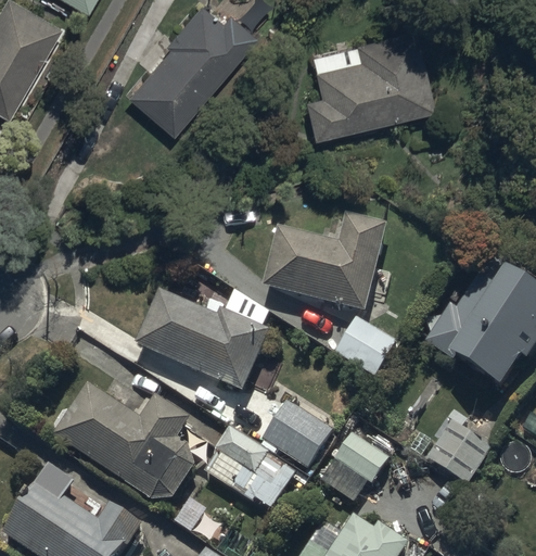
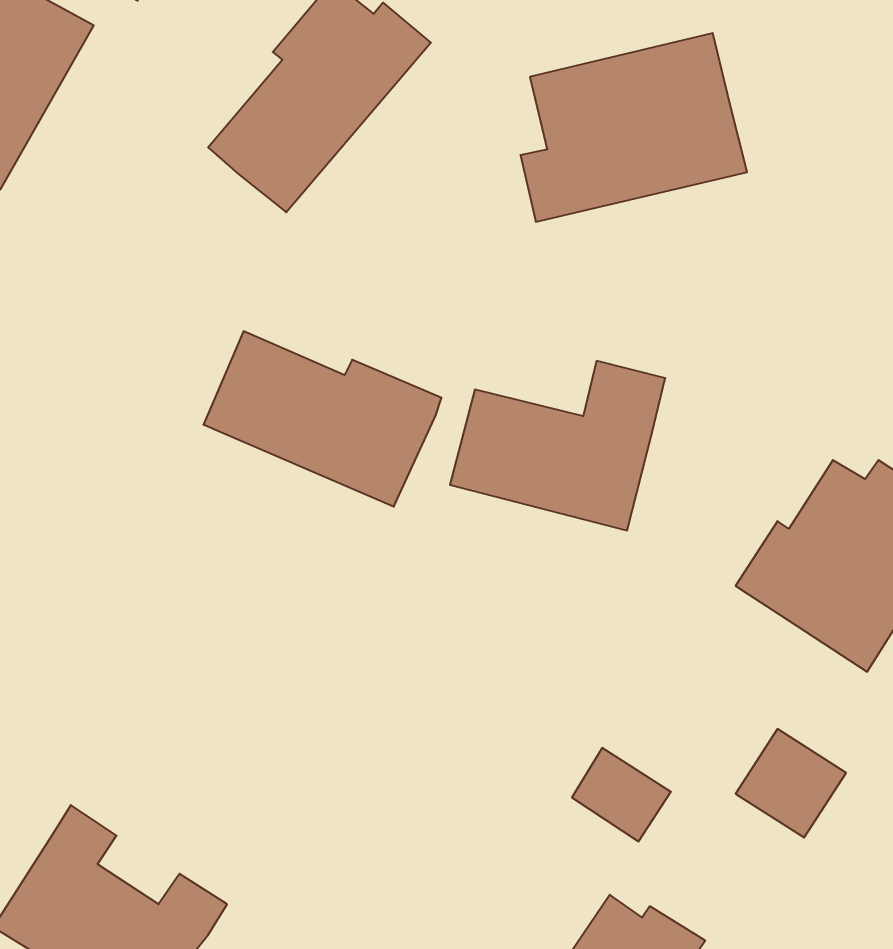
building: [136,291,271,391] -> [203,331,442,507]
building: [334,316,397,378] -> none
building: [55,382,196,500] -> none
building: [261,400,334,470] -> none
building: [203,428,296,510] -> none

